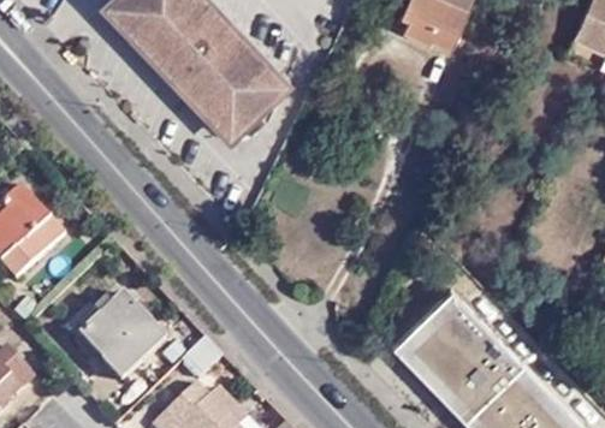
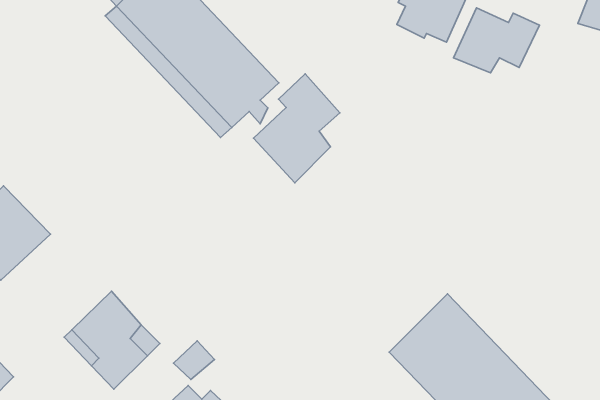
building: none -> [453,8,540,73]
building: none -> [254,74,340,183]

